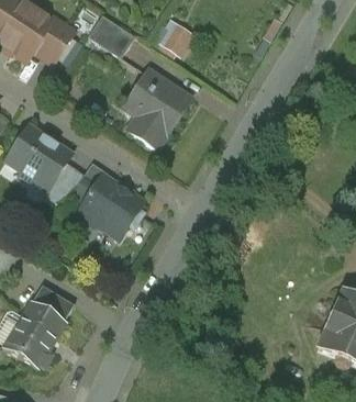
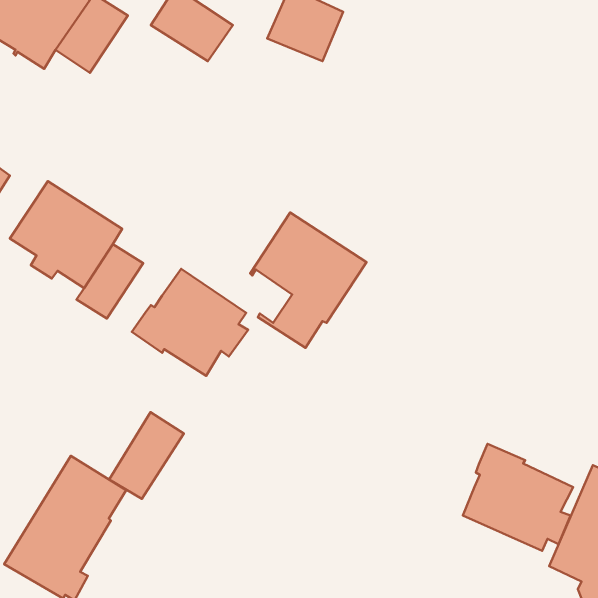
building: [124,70,191,148] -> [250,212,366,348]
building: [71,164,107,202] -> none
building: none -> [109,412,184,499]
building: none -> [463,444,573,551]

